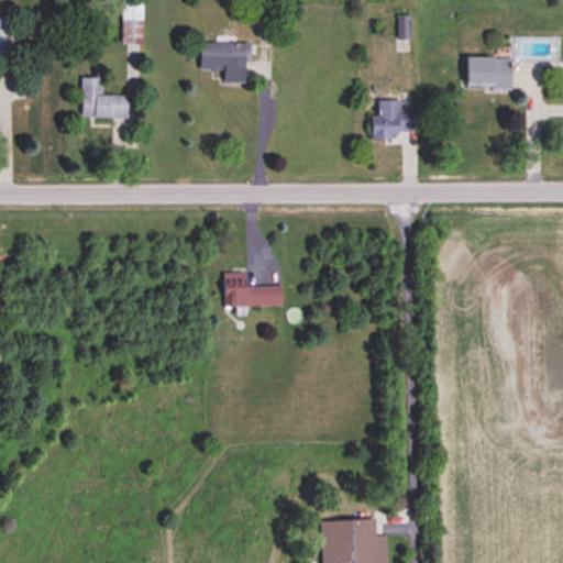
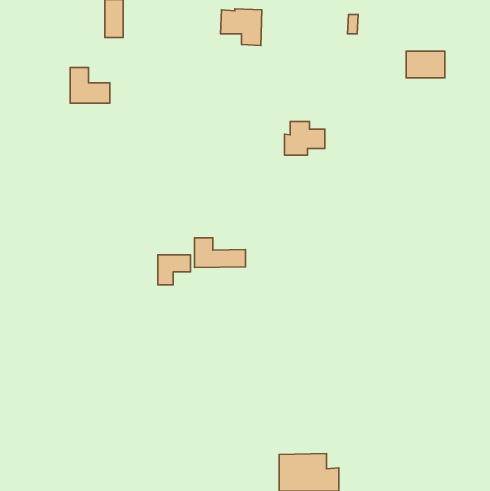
building: [200,41,247,82] -> [220,9,262,46]
building: [372,101,418,140] -> [284,121,325,155]
building: none -> [158,255,191,285]

